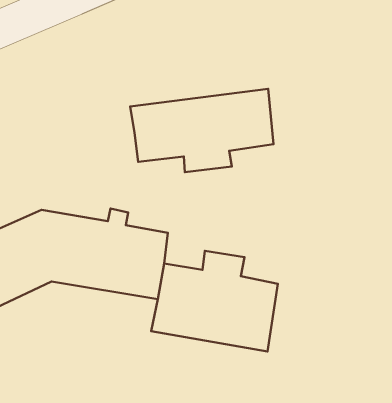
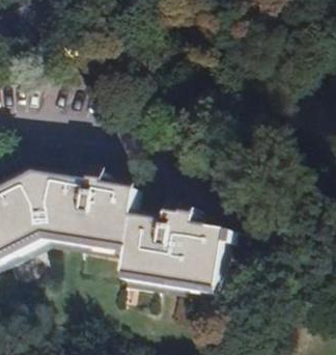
building: [130,89,273,172] -> none

